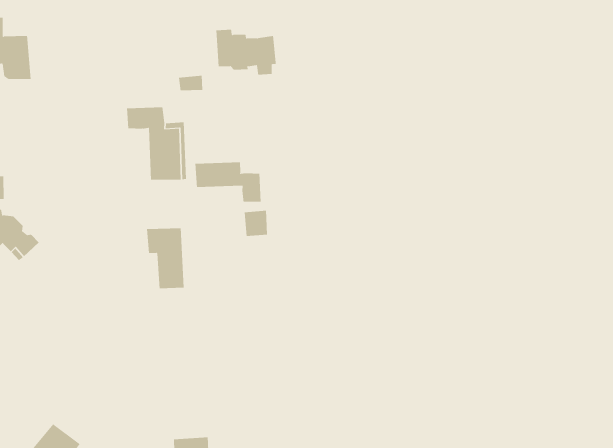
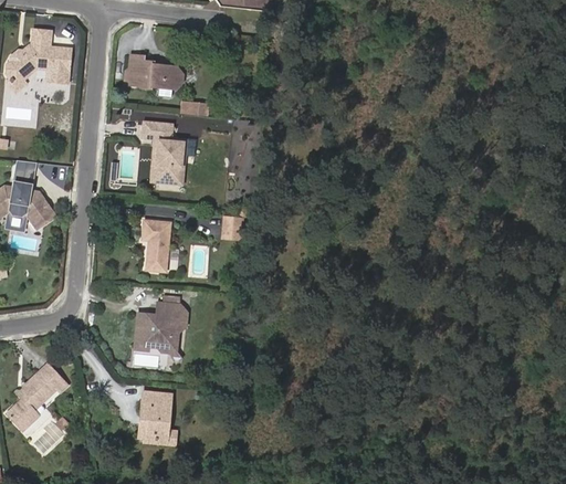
building: [215,29,277,75] -> [127,53,176,95]
building: [195,161,261,202] -> none
building: none -> [133,294,185,351]

